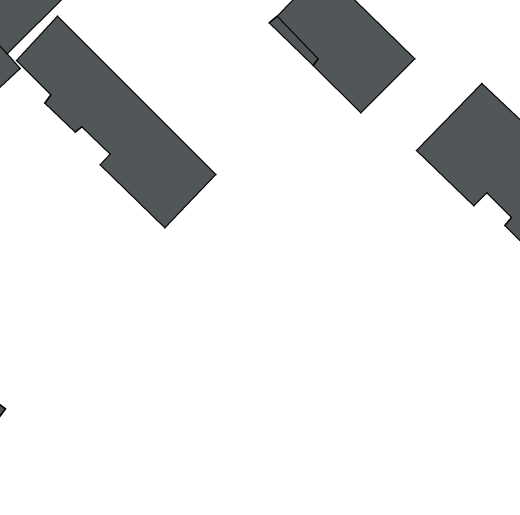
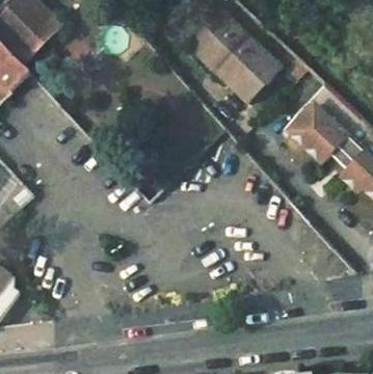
building: [17,16,216,228] -> none

